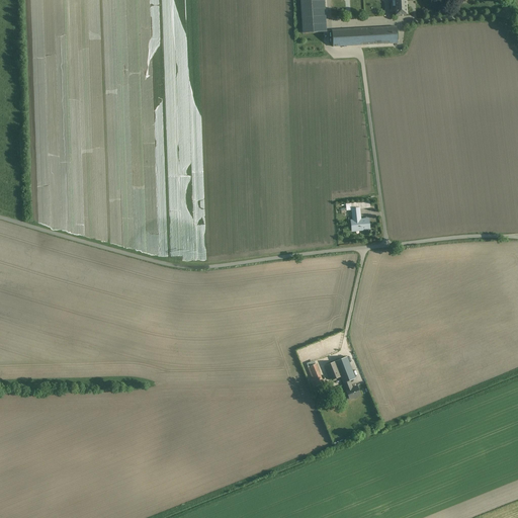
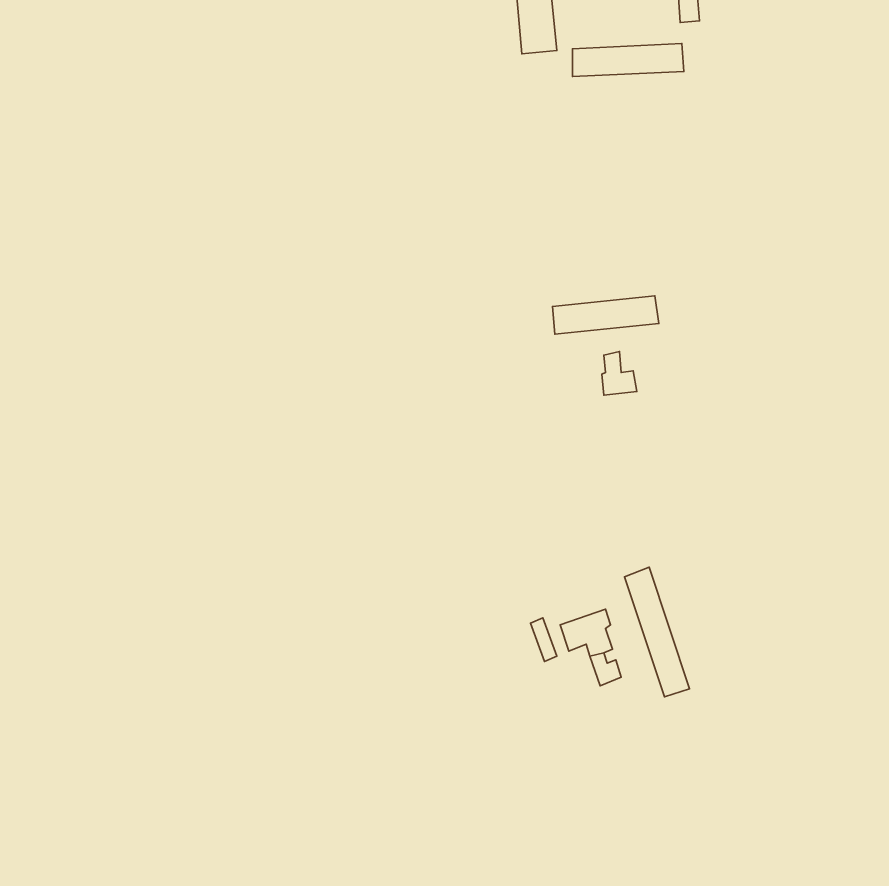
building: none -> [552,296,659,334]
building: none -> [624,567,690,697]

